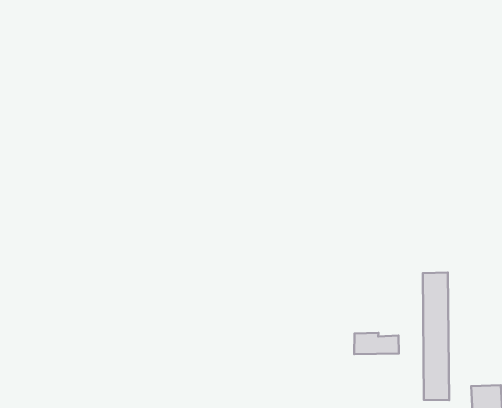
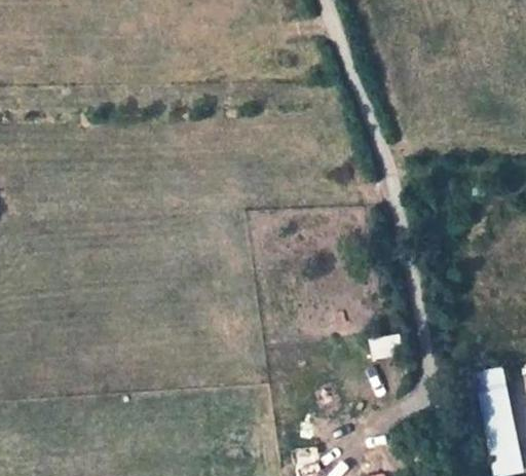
building: [423,272,449,400] -> none

